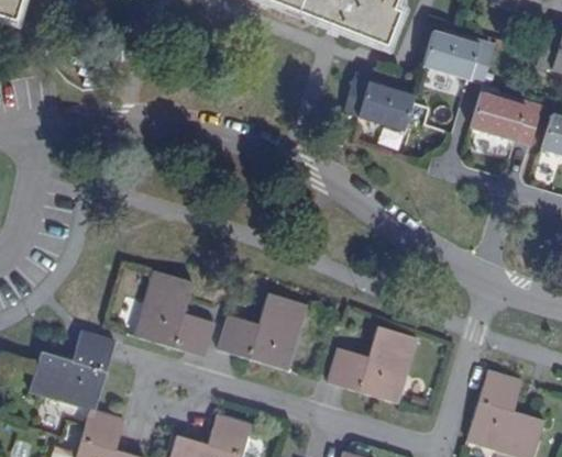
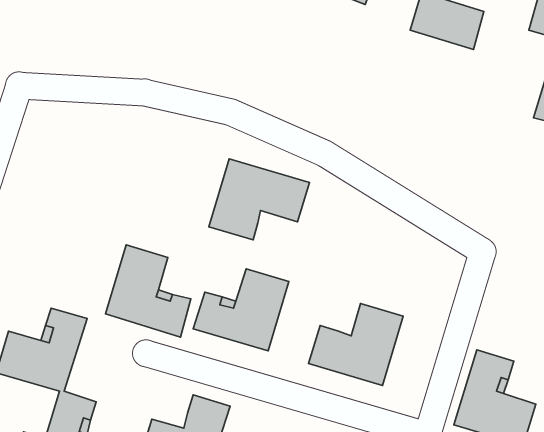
building: [343,76,416,130] -> none
building: [470,90,540,145] -> none
building: none -> [209,159,309,240]

